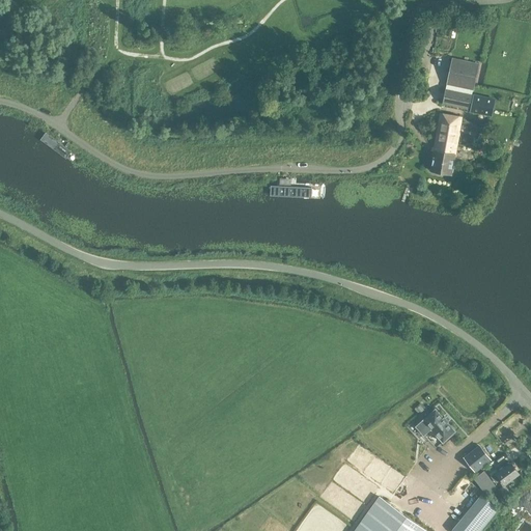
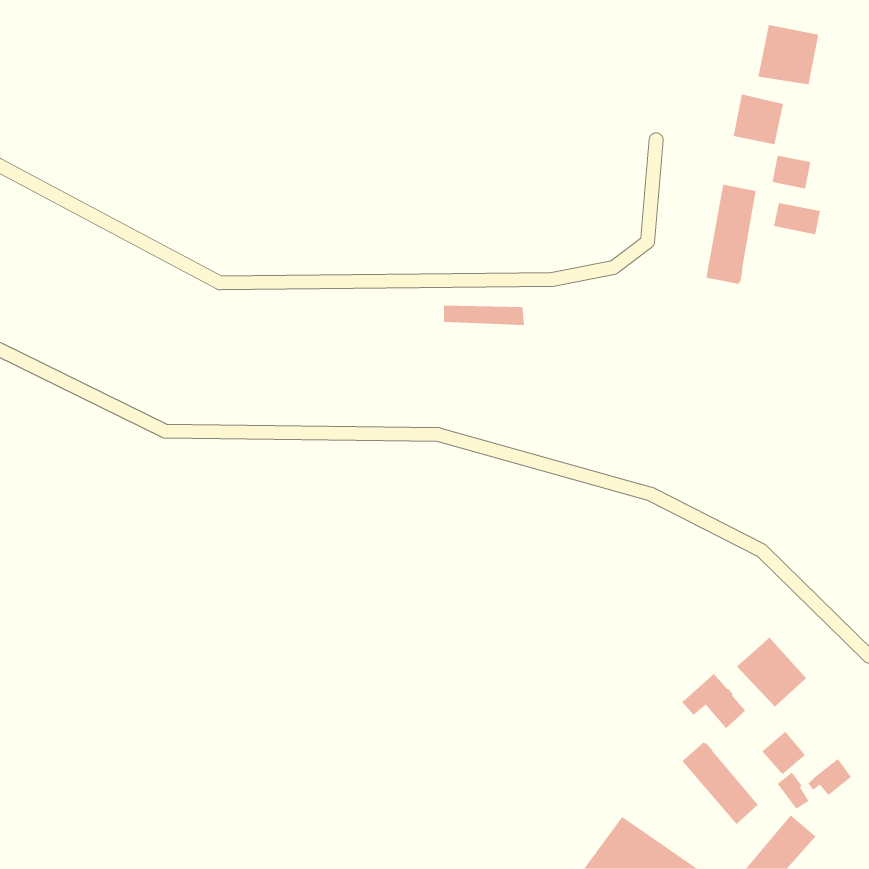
building: none -> [758,24,819,85]
building: [442,88,471,108] -> [773,202,821,235]
building: none -> [736,637,807,707]
building: none -> [682,741,759,825]

